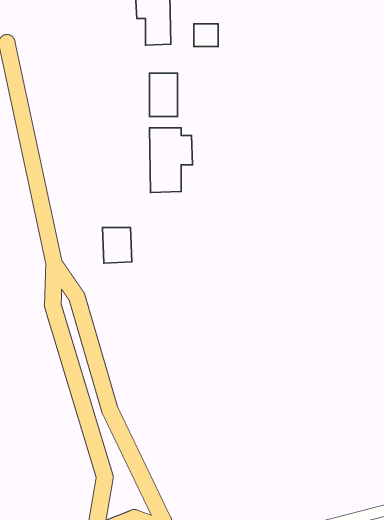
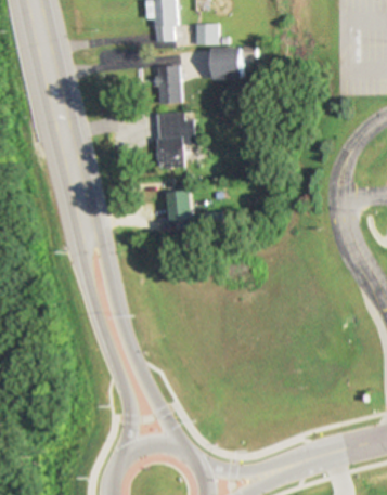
building: none -> [212,47,255,78]
building: [102,228,132,263] -> [168,191,193,221]

